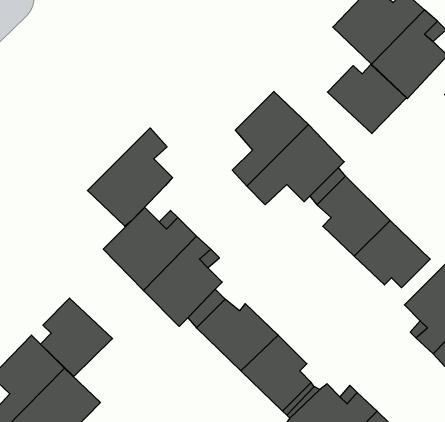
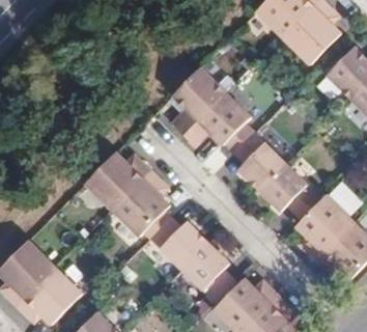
building: [327,64,406,134] -> none
building: [87,128,172,226] -> none
building: [41,298,113,377] -> none

